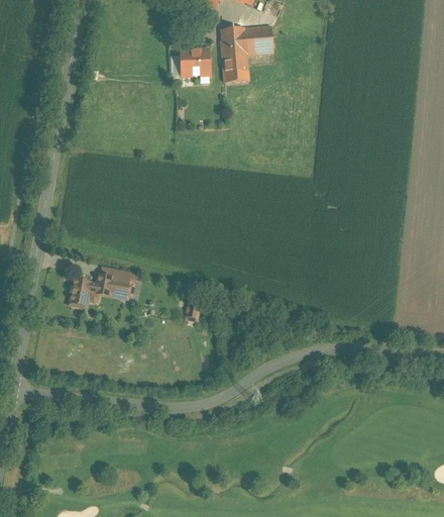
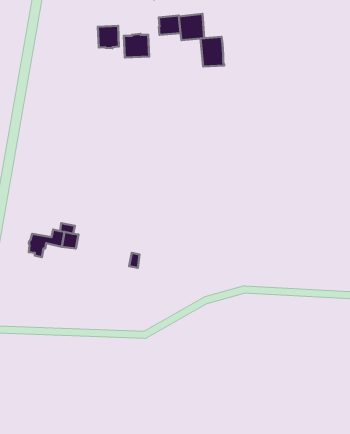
building: none -> [98,26,119,48]
building: [222,46,249,81] -> [201,37,224,67]

